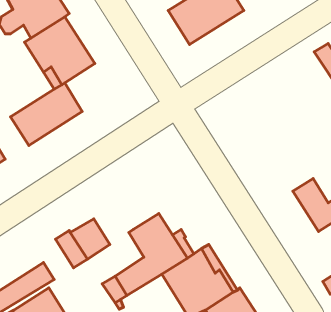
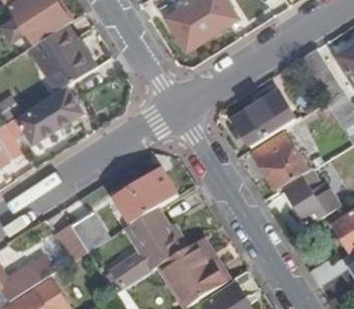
building: none -> [232,90,296,147]
building: none -> [252,133,308,190]
building: none -> [116,170,178,223]

